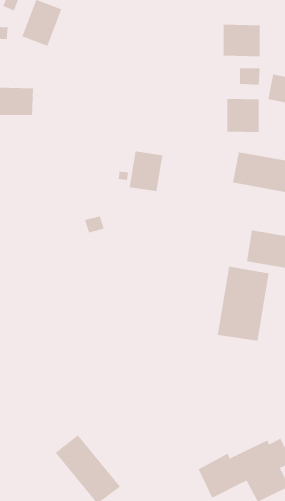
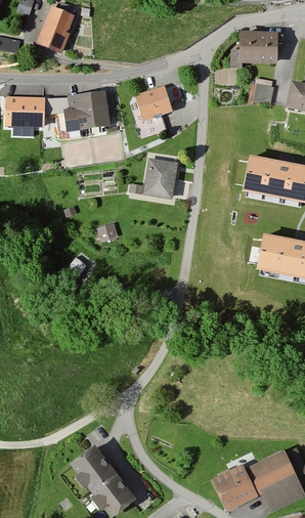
building: none -> [134,87,170,118]
building: none -> [61,92,108,132]
building: [227,98,259,133] -> none
building: [217,266,269,341] -> none

